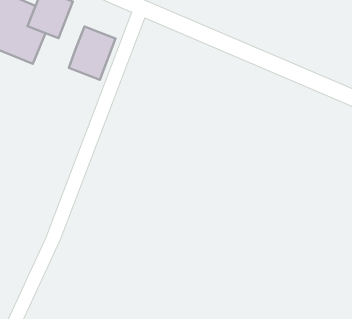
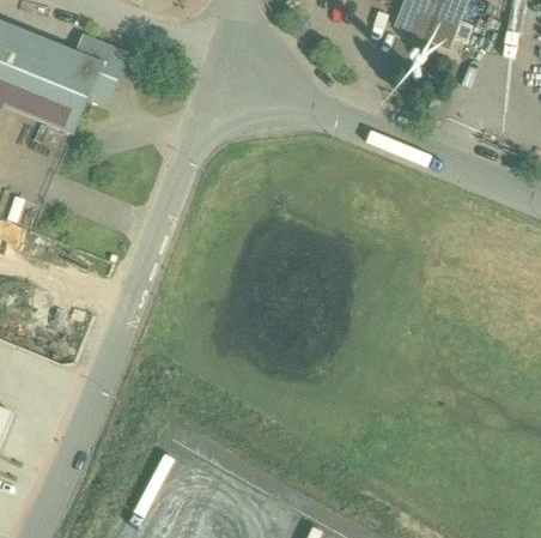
building: [69,26,116,80] -> none

